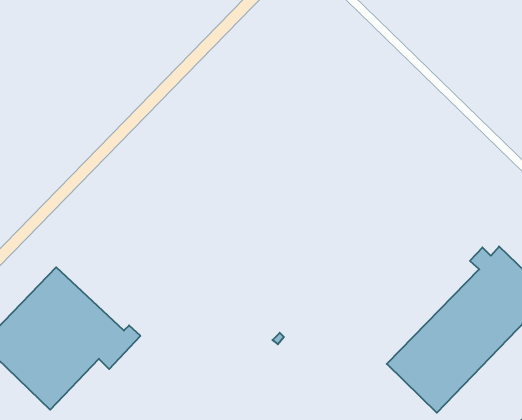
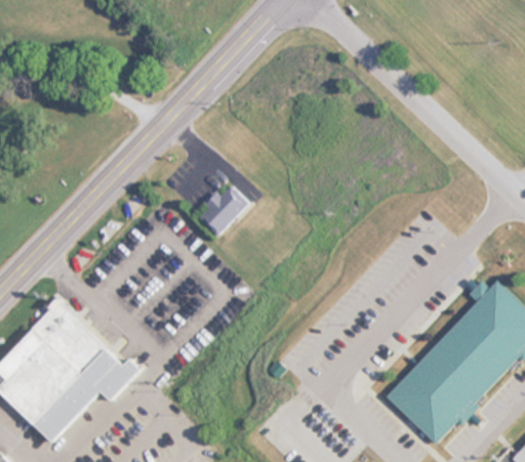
building: none -> [199,185,248,237]

